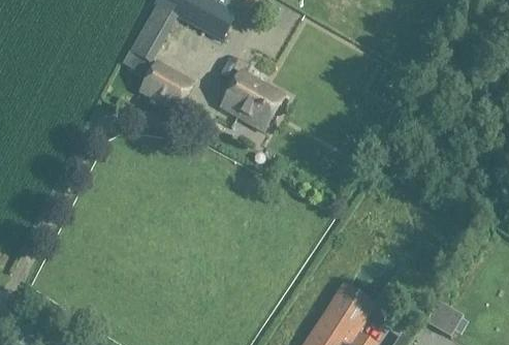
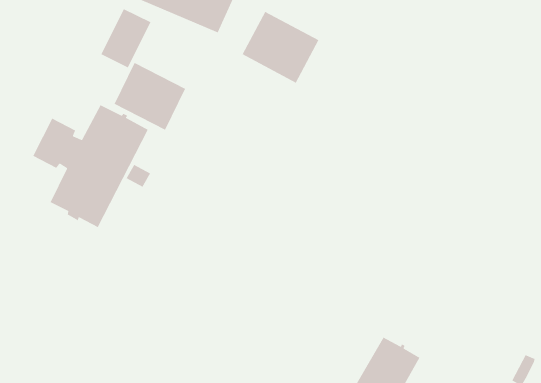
building: [220,71,283,131] -> [242,11,320,84]
building: none -> [32,104,149,228]

